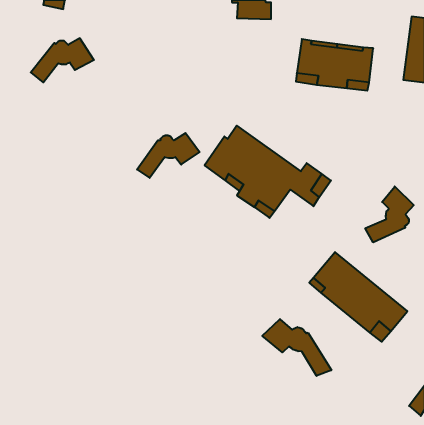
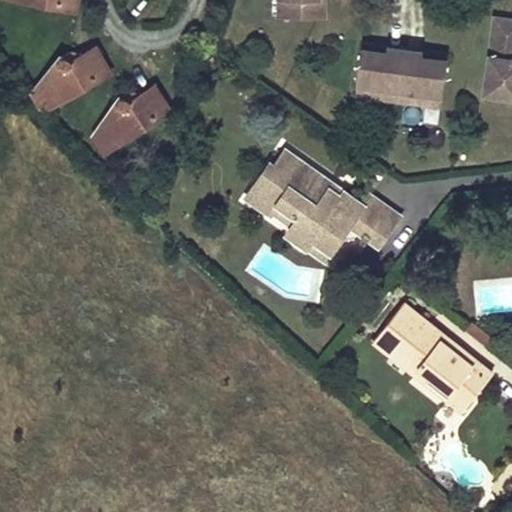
building: [137,133,200,178] -> [99,85,174,139]
building: [365,186,414,242] -> none
building: [262,319,331,376] -> none

